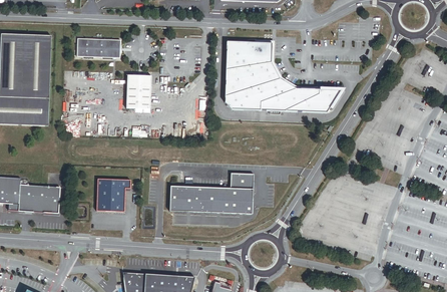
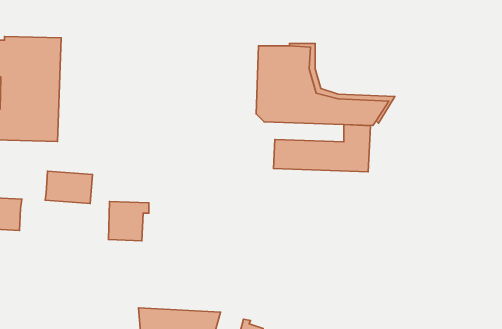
building: [78,37,122,59] -> none
building: [128,75,152,109] -> none
building: [169,173,254,214] -> [274,125,371,172]
building: [18,185,59,213] -> [45,171,92,203]

